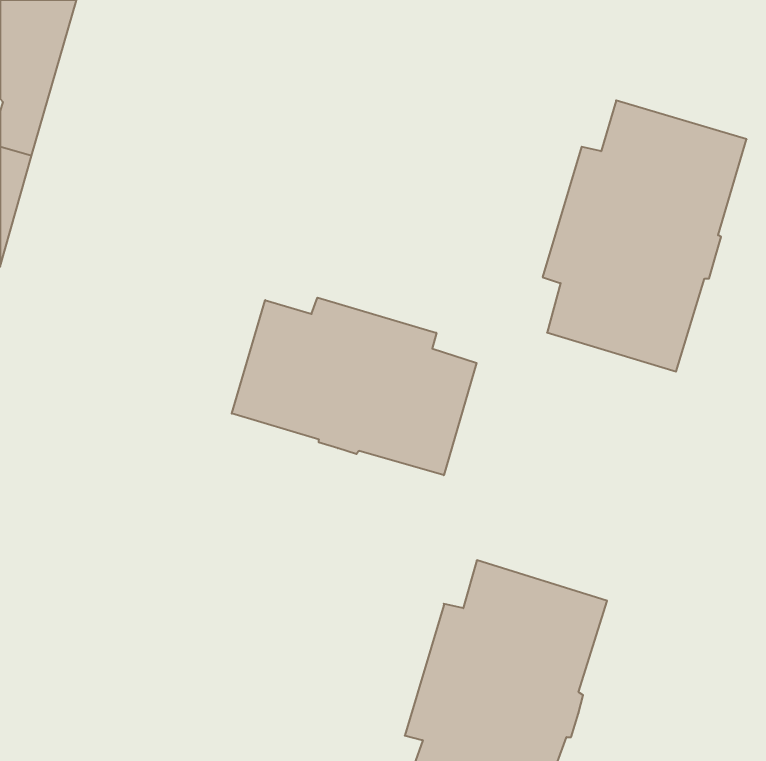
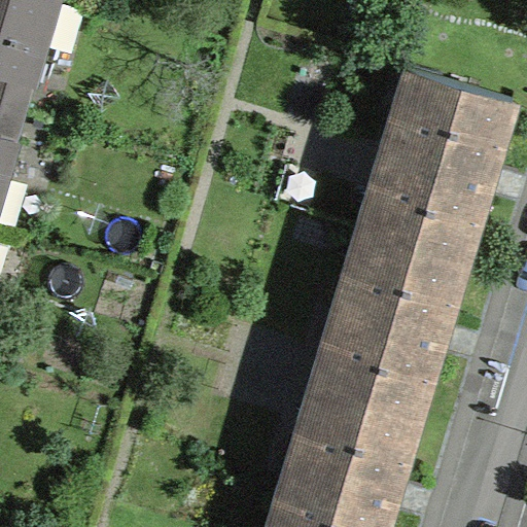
building: [232,298,477,475] -> none
building: none -> [325,232,464,416]

